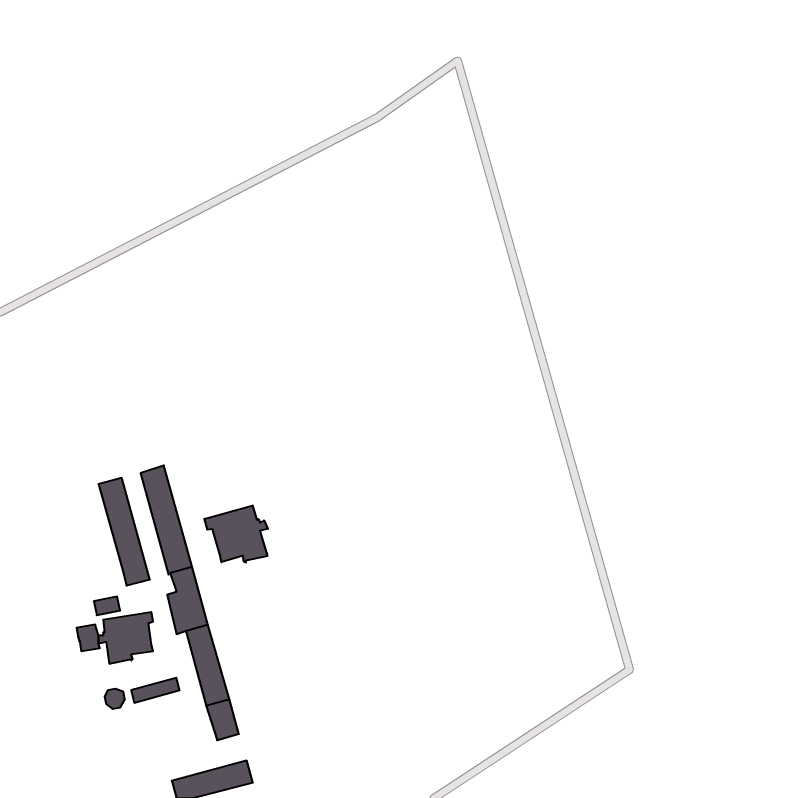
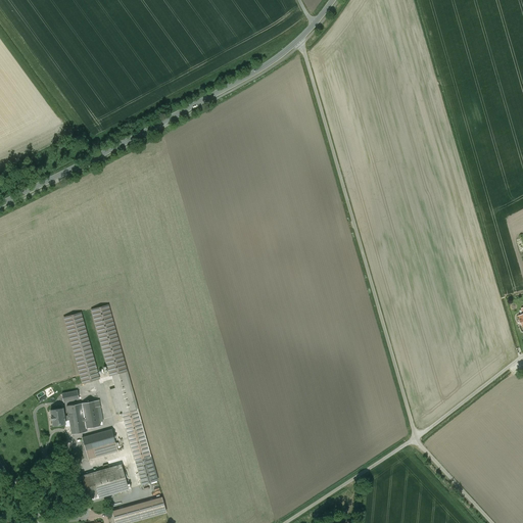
building: [204,505,268,563] -> none
building: none -> [82,429,115,451]
building: none -> [81,464,128,501]

